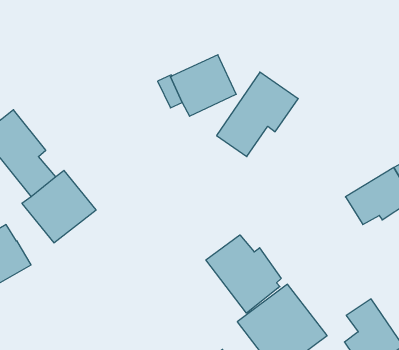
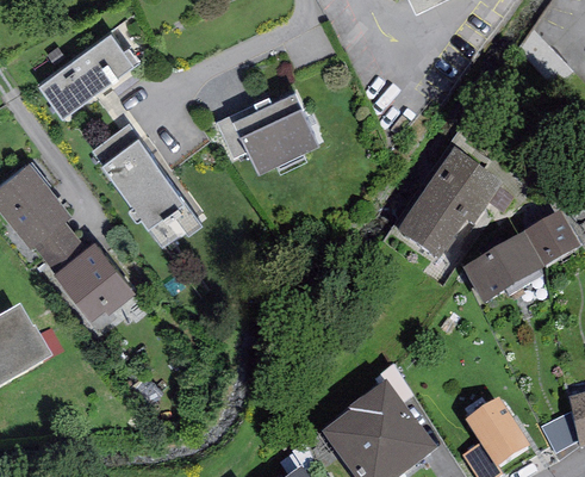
building: none -> [36,27,132,113]
building: [217,72,298,157] -> [397,150,503,260]
building: none -> [89,119,199,241]
building: [206,235,281,313] -> none

